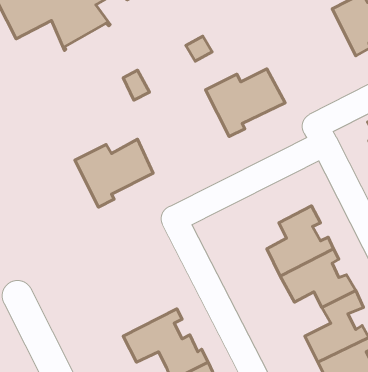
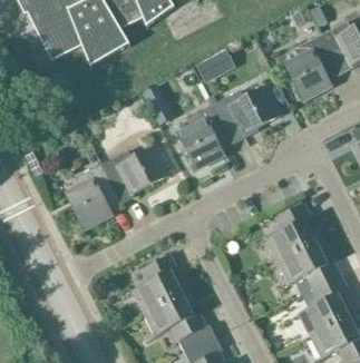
building: none -> [284,35,341,100]
building: none -> [176,104,233,169]
building: none -> [65,164,121,229]
building: none -> [132,254,188,314]

